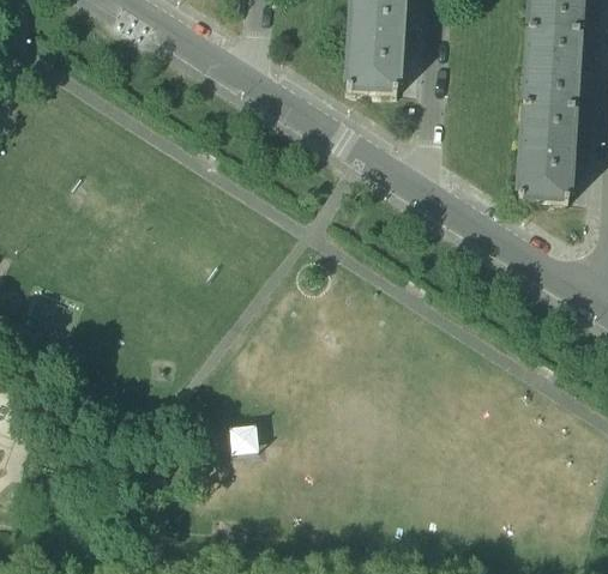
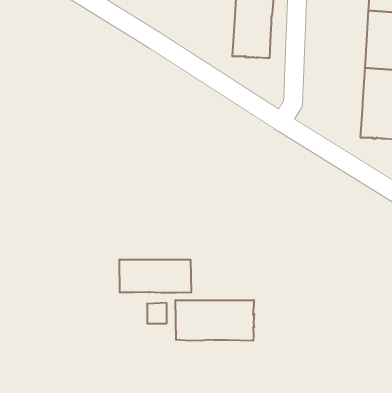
building: none -> [119,260,191,293]
building: none -> [176,300,254,341]

